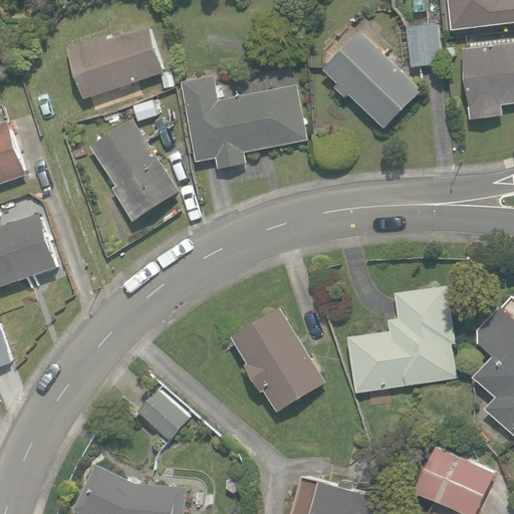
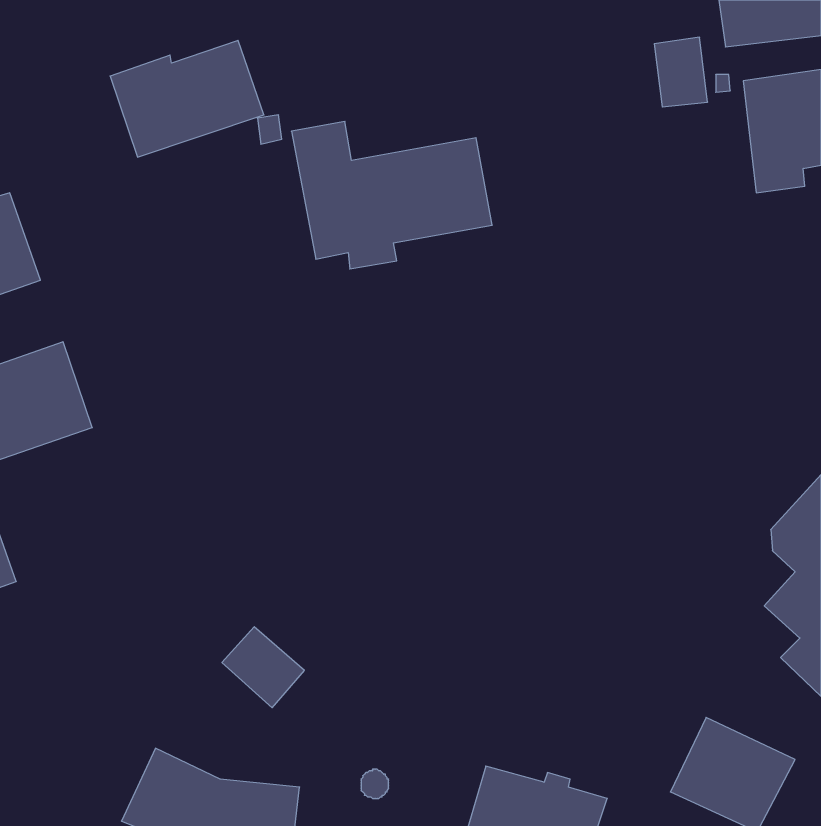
building: [323,32,421,127] -> none
building: [89,118,179,221] -> none
building: [349,285,455,392] -> none
building: [232,307,324,411] -> none

